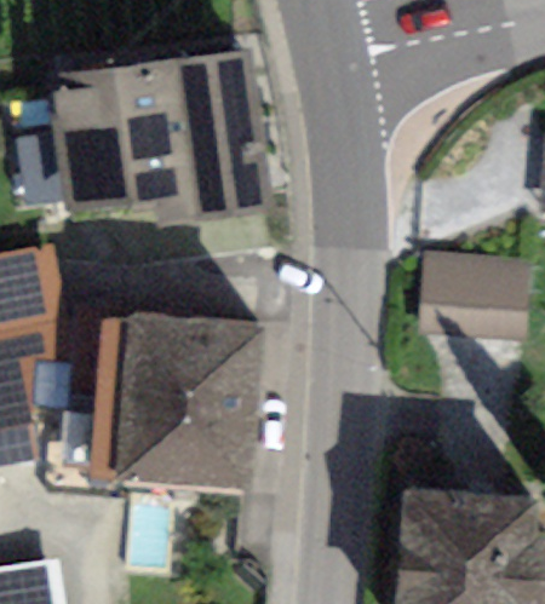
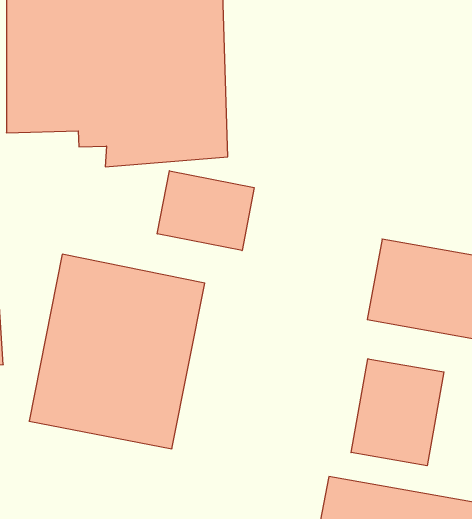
building: none -> [157,171,254,251]
building: none -> [351,359,444,466]

